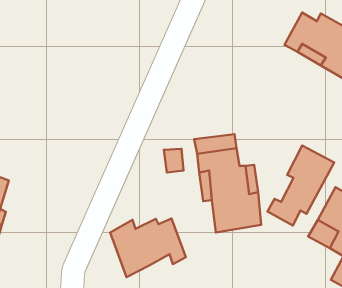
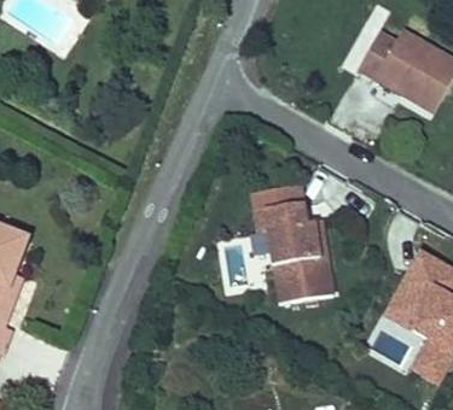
building: [268,146,334,226] -> none
building: [110,219,186,277] -> none

